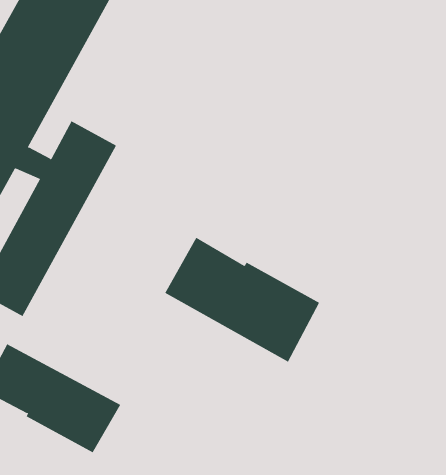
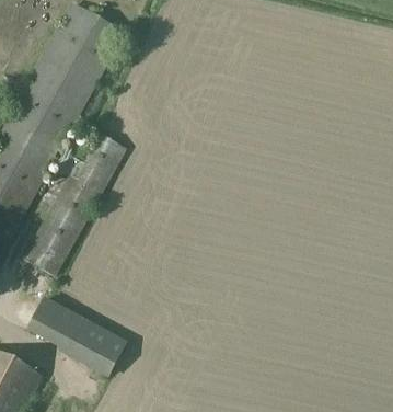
building: [164,237,320,363] -> none

